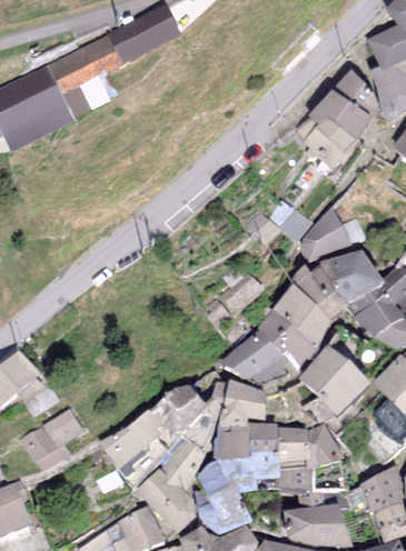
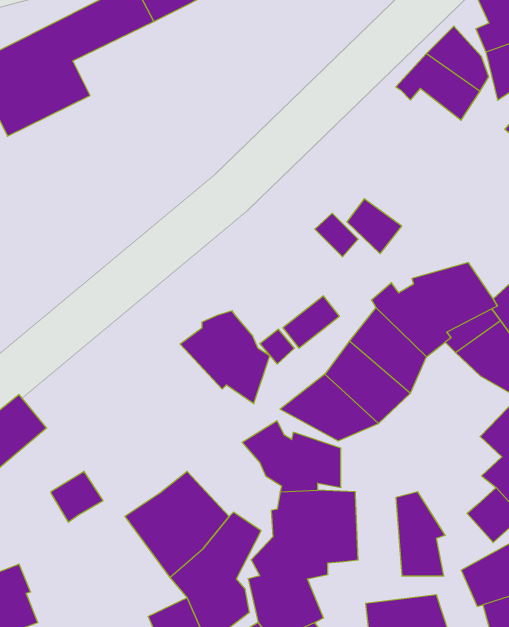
building: [296,116,358,172] -> none
building: [300,206,351,261] -> none
building: [298,344,370,417] -> none
building: [148,383,217,454] -> [180,311,270,404]
building: [19,425,72,472] -> none
building: [268,427,313,493] -> none

